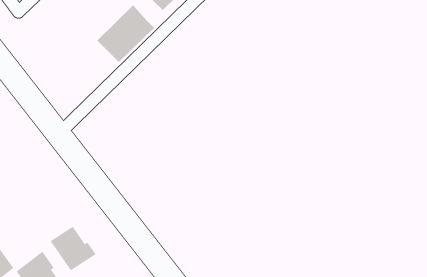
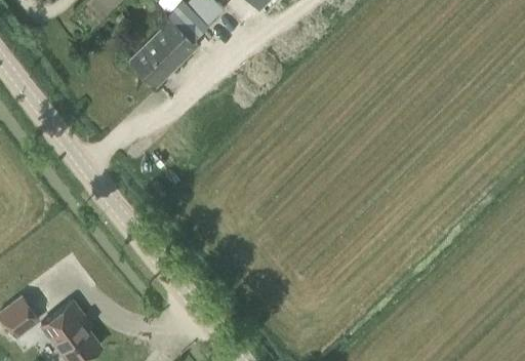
building: [50,226,97,271] -> none

